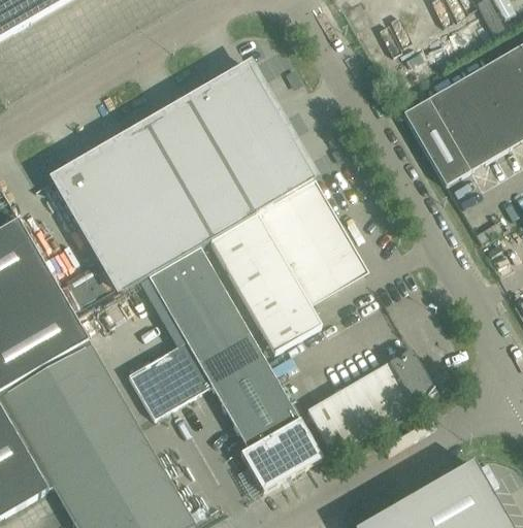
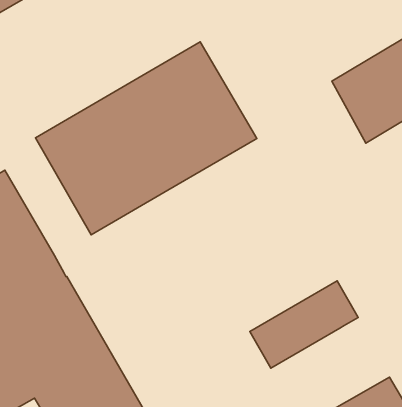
building: [210,180,366,352] -> none
building: [128,246,322,491] -> none

